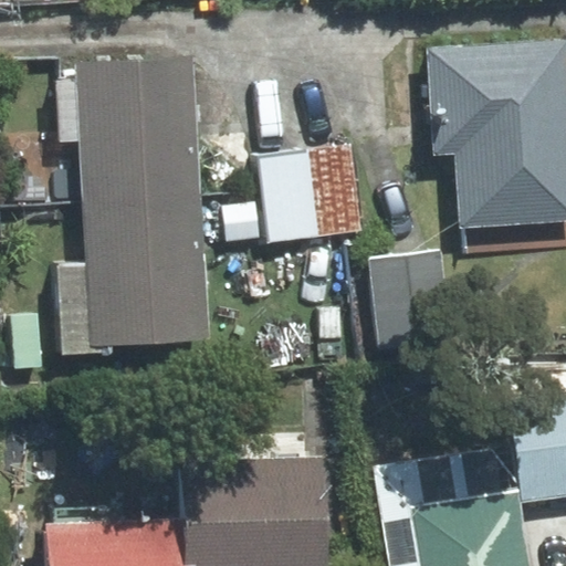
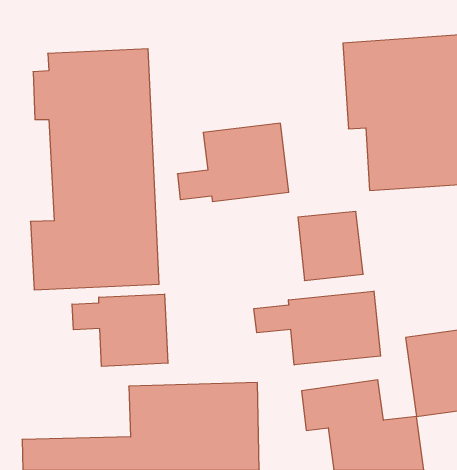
building: none -> [254,291,381,365]
building: none -> [72,294,168,366]

